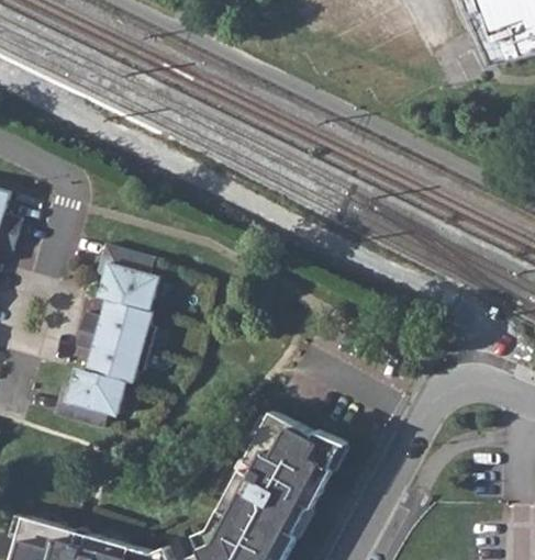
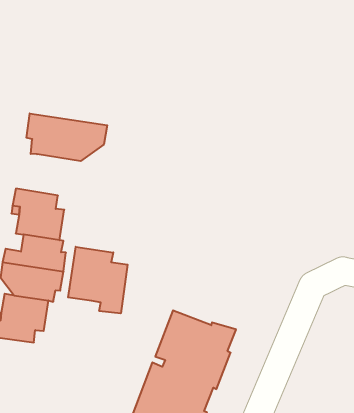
building: none -> [26,113,107,161]
building: none -> [68,247,128,313]

